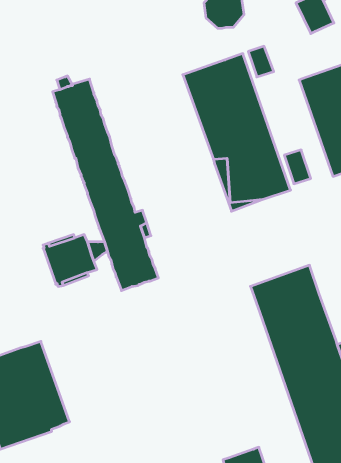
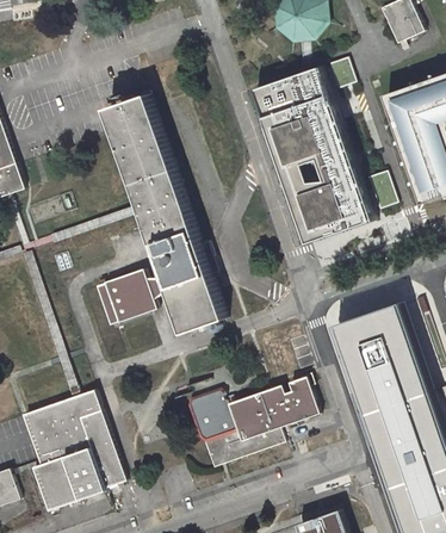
building: none -> [185,377,316,467]

